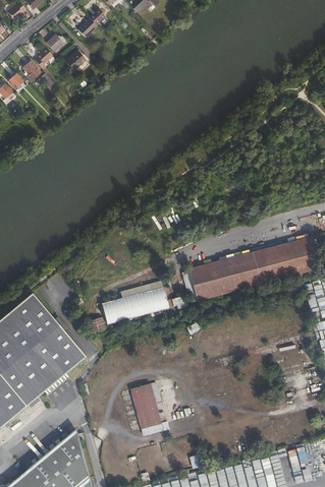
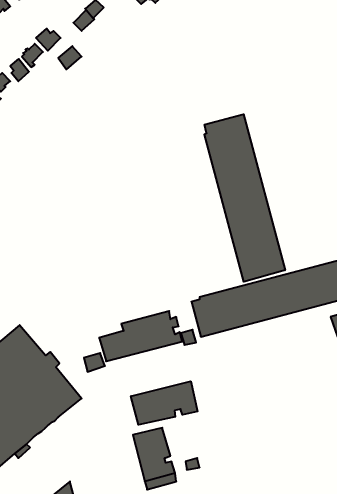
building: none -> [204,114,285,282]
building: none -> [131,381,198,425]

